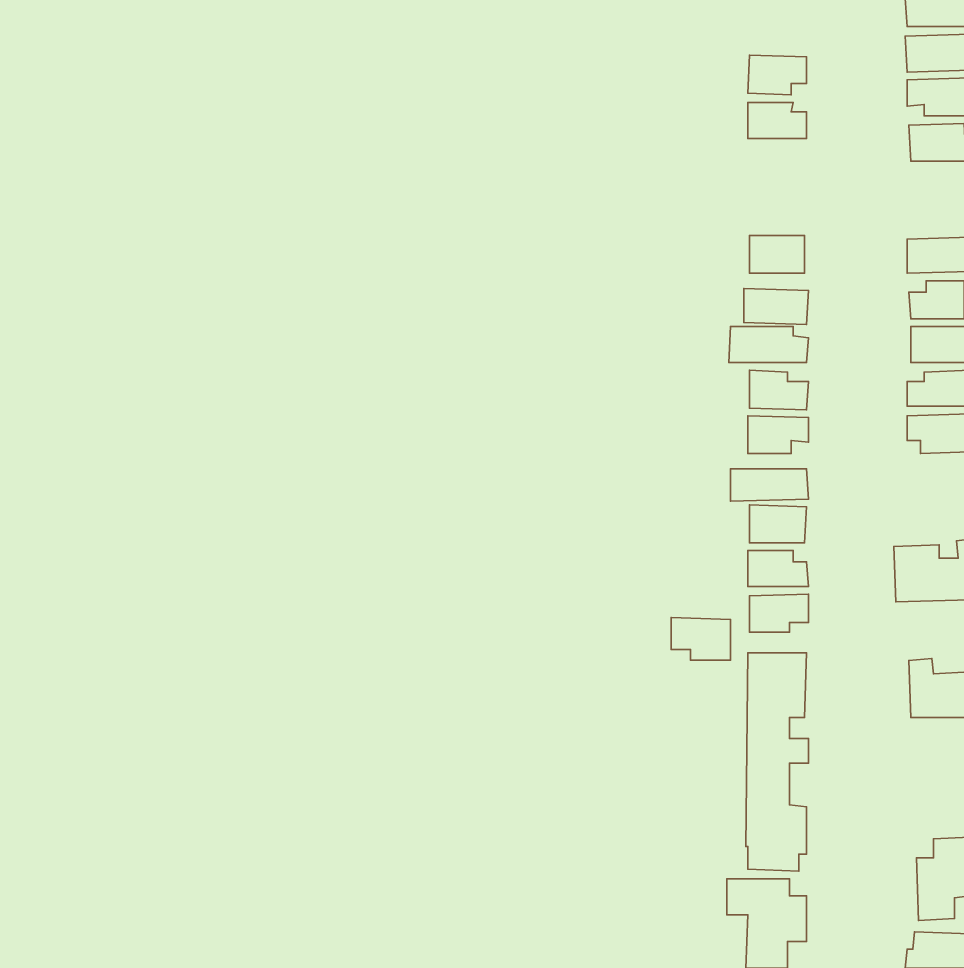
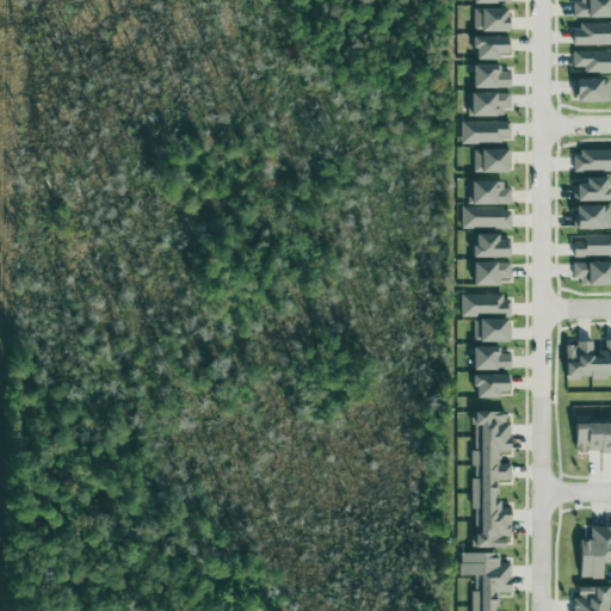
building: none -> [475,7,510,31]
building: none -> [471,92,508,116]
building: none -> [462,121,511,142]
building: [671,618,731,660] -> none

